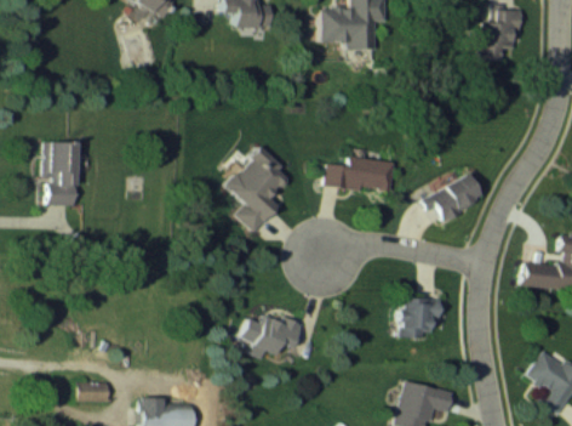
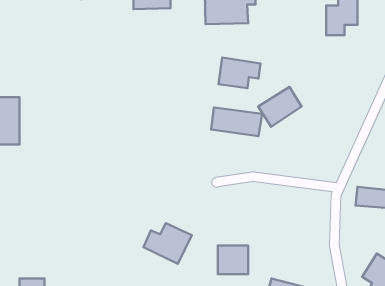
building: none -> [219,58,261,88]
building: [219,148,288,229] -> none
building: [424,172,481,225] -> [258,87,302,127]
building: [401,299,441,336] -> [218,246,248,274]

